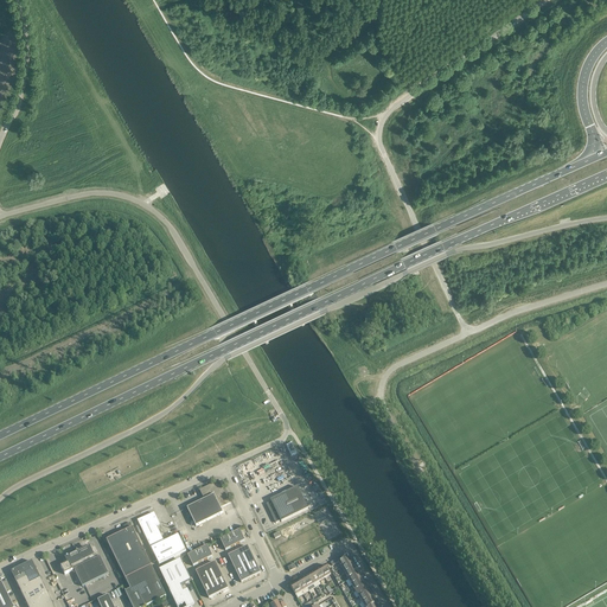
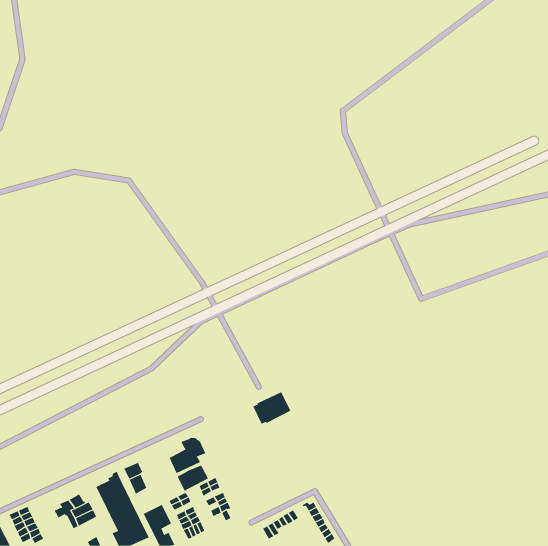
building: [264,484,307,520] -> [253,391,291,425]
building: [149,532,185,562] -> [177,465,209,492]

